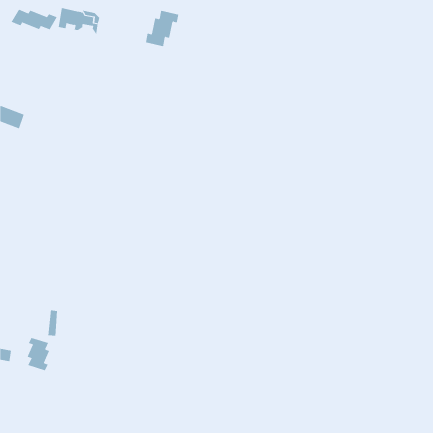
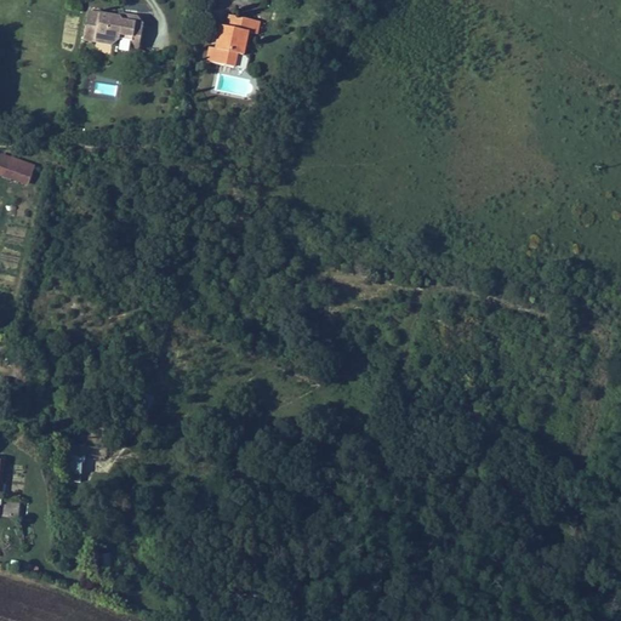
building: [11,9,58,30] -> none
building: [27,337,50,371] -> none

